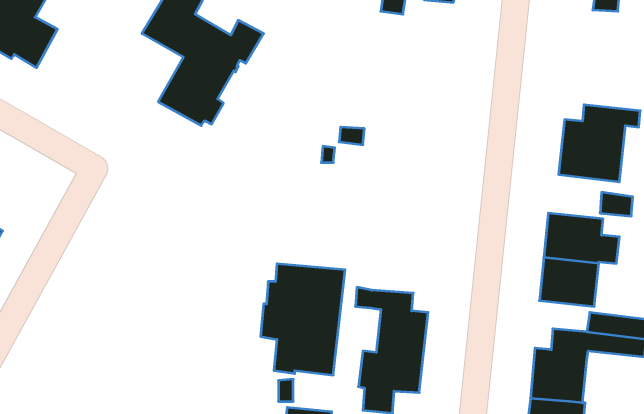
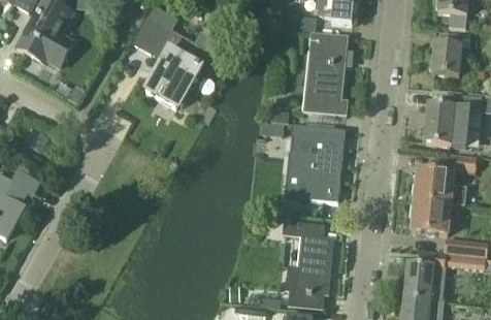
building: none -> [302,31,348,115]
building: none -> [431,32,469,74]
building: [261,264,345,375] -> [286,124,345,201]

